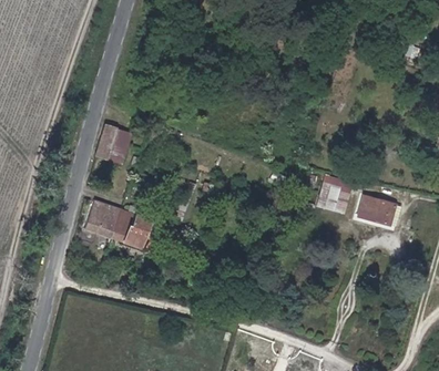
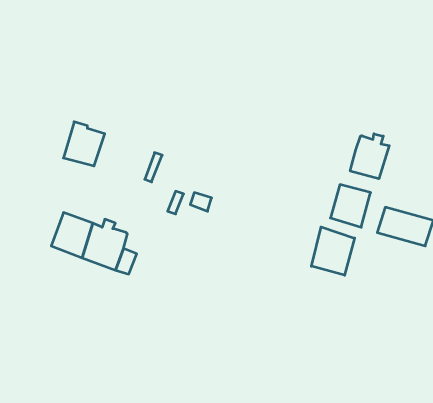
building: none -> [350,134,389,179]
building: none -> [311,227,355,275]

